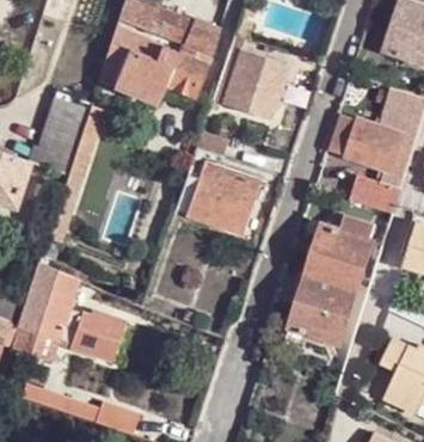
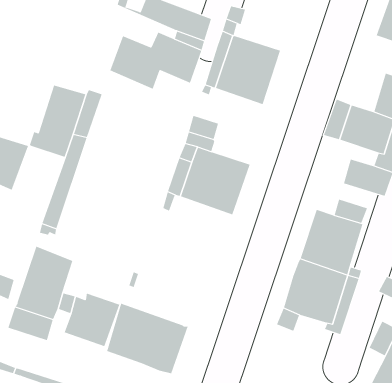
building: [99,24,162,84] -> none
building: none -> [107,303,189,374]

